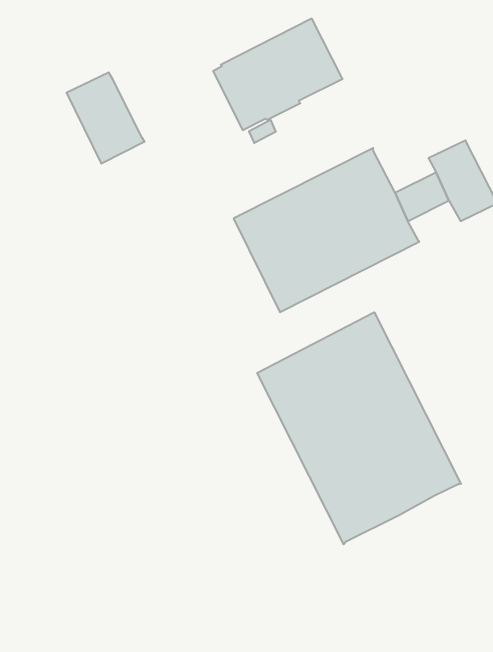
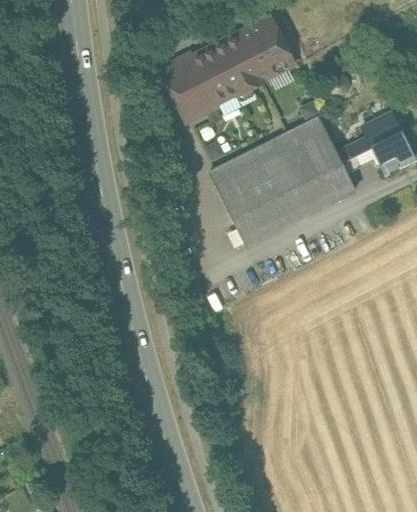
building: [66,72,145,163] -> [157,51,218,122]
building: [257,312,461,544] -> none

